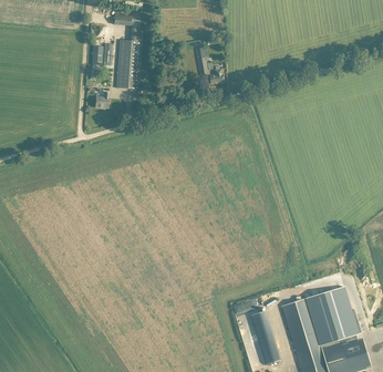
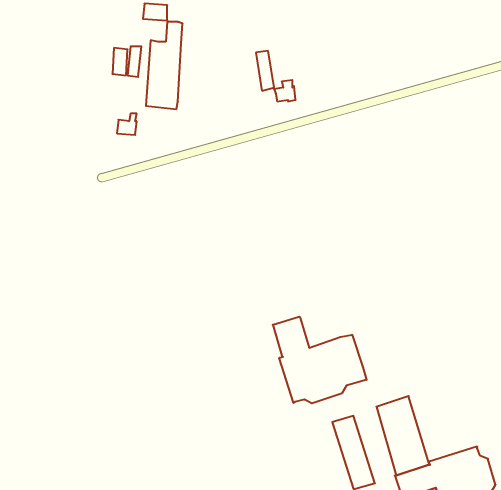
building: none -> [273,317,367,403]
building: [306,285,360,344] -> none

